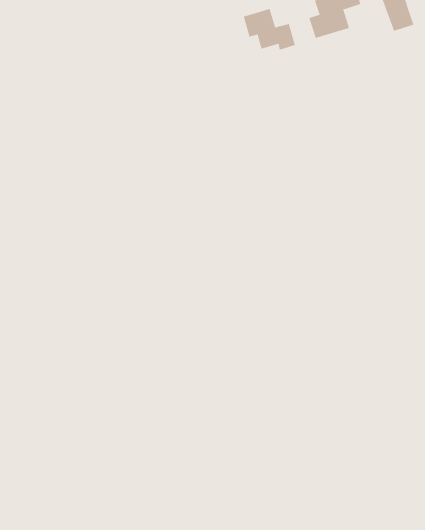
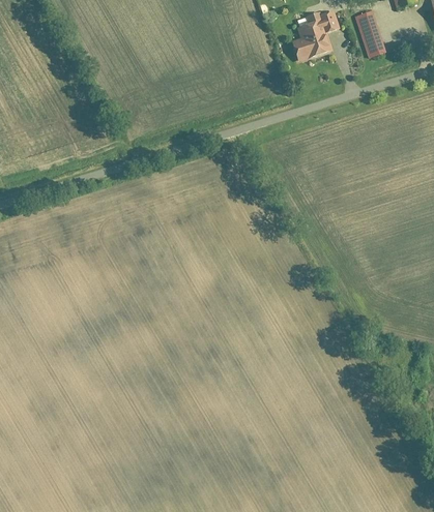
building: [243,8,295,51] -> none

